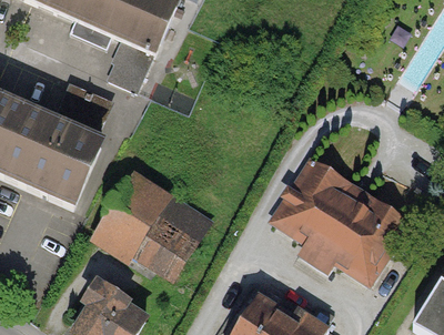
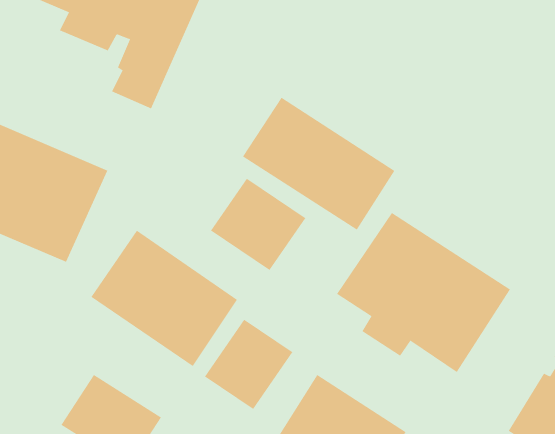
building: none -> [242,97,395,230]
building: none -> [210,178,306,271]
building: none -> [204,319,293,410]

